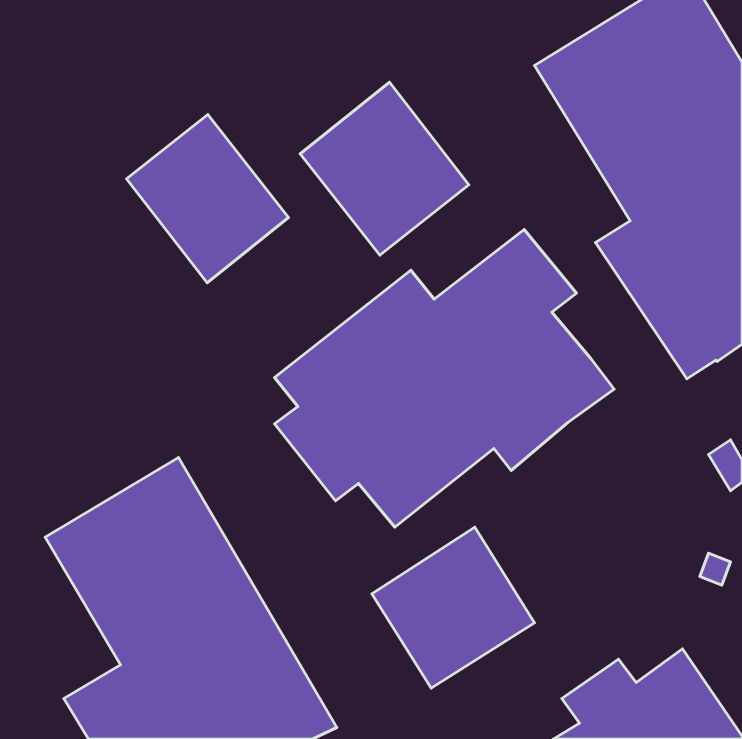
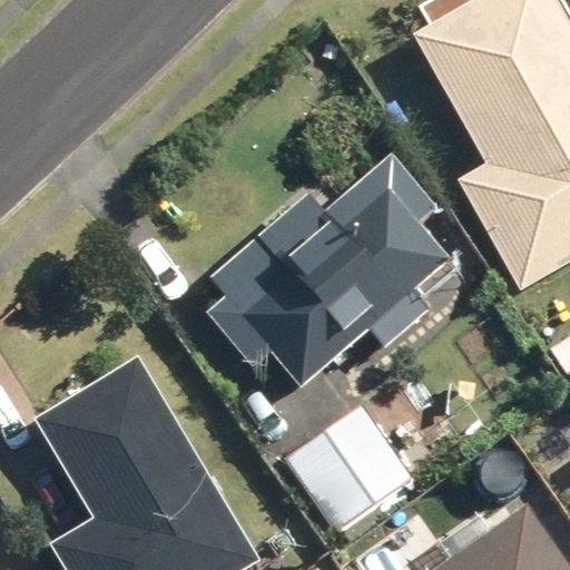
building: [300,82,469,255] -> none
building: [127,115,289,283] -> none

